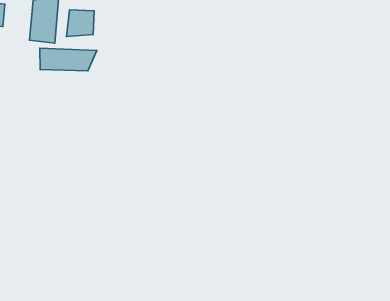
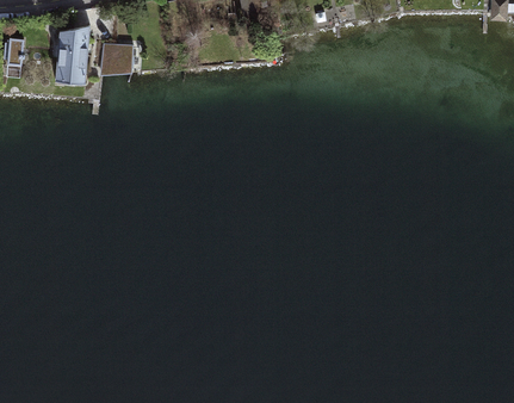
building: [40,48,97,71] -> none

